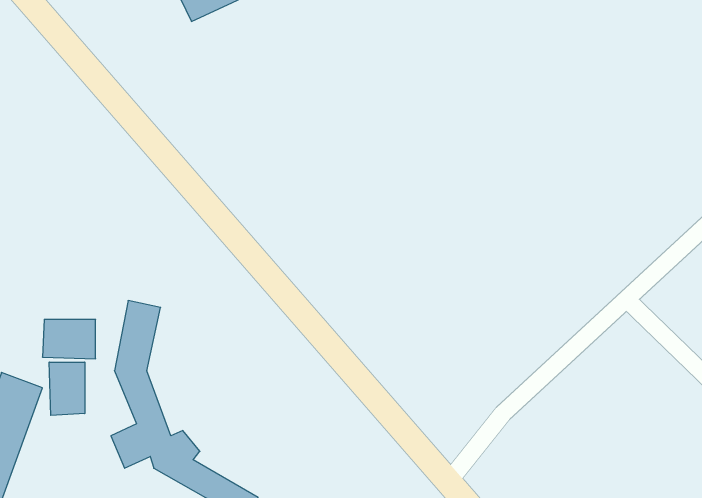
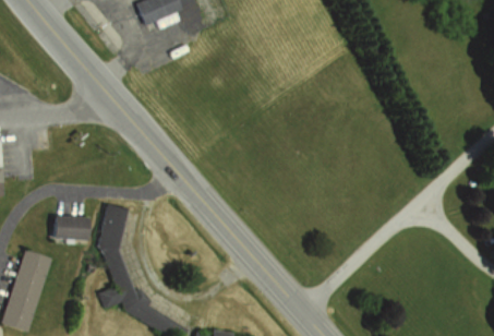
building: [49,362,85,415] -> none

